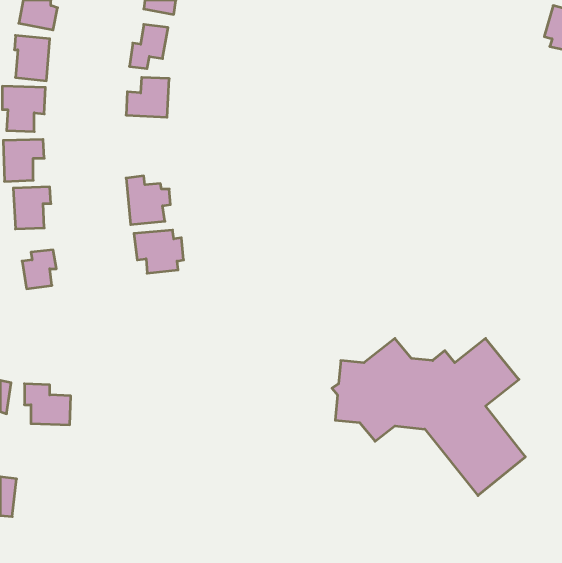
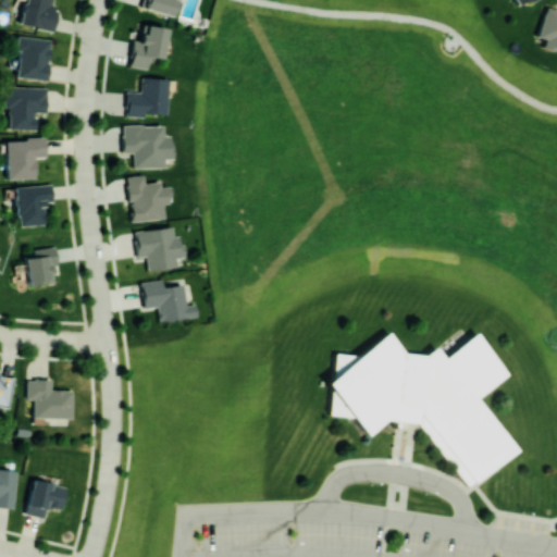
building: none -> [123,126,172,169]
building: none -> [143,281,197,322]
building: none -> [27,482,66,518]

